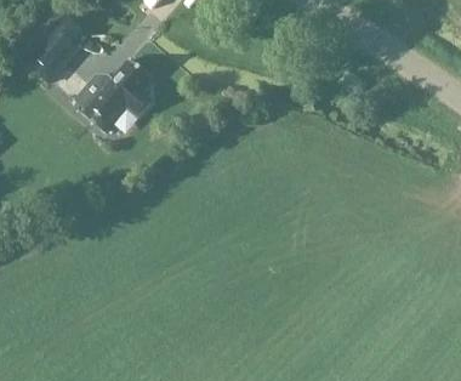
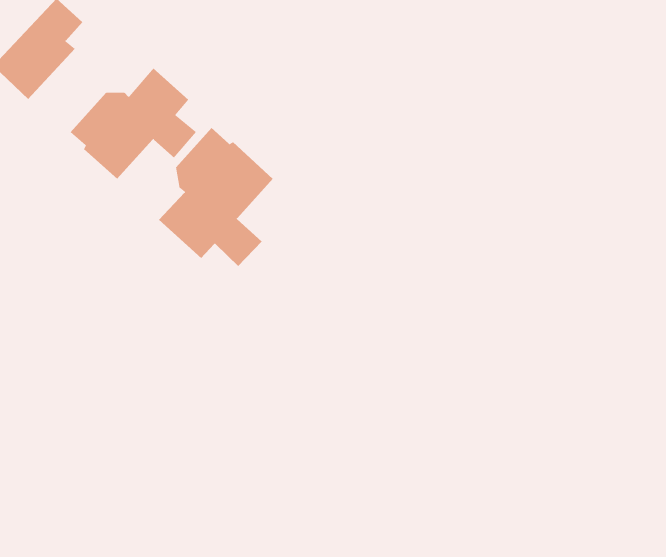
building: none -> [158,127,274,267]

